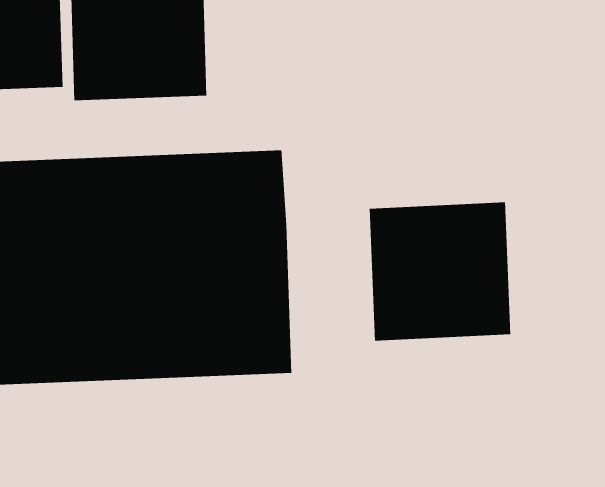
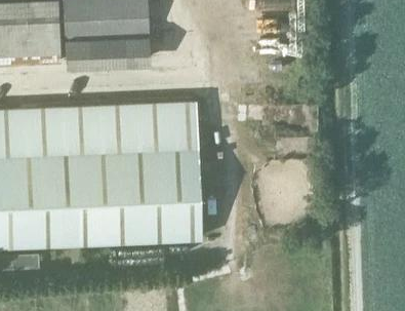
building: [369,202,511,342] -> none

